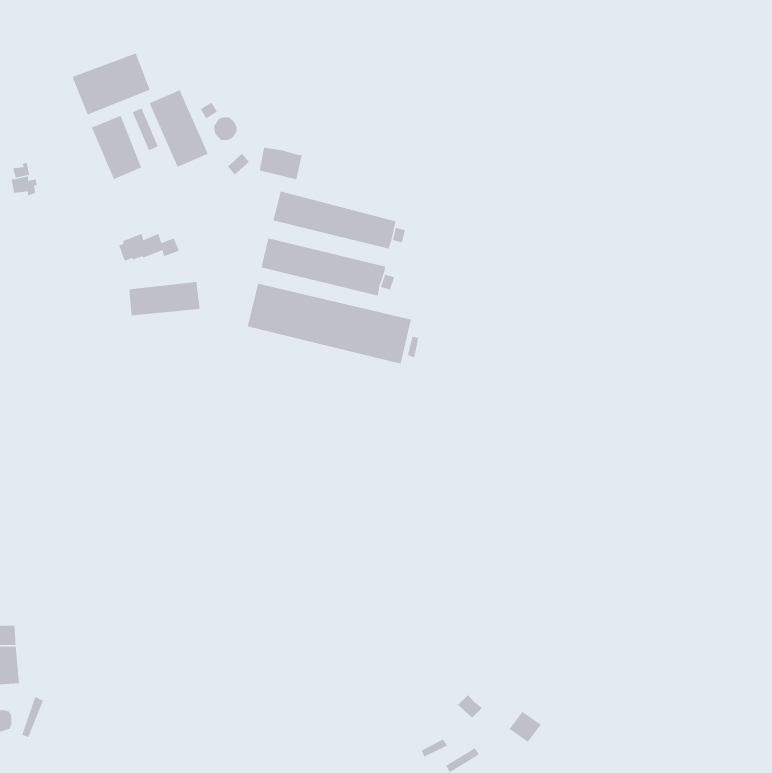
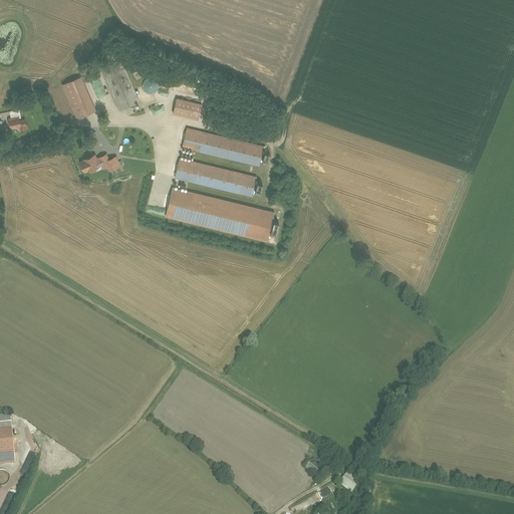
building: [71,52,151,116] -> none
building: [129,281,200,316] -> none

